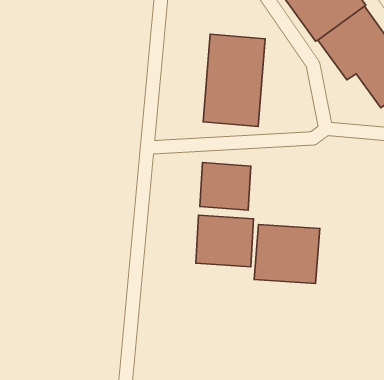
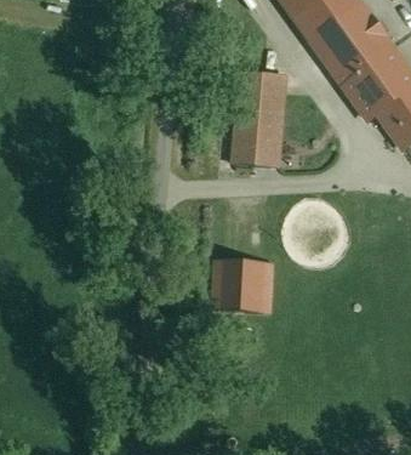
building: [200,163,251,210] -> none
building: [254,225,320,283] -> none

